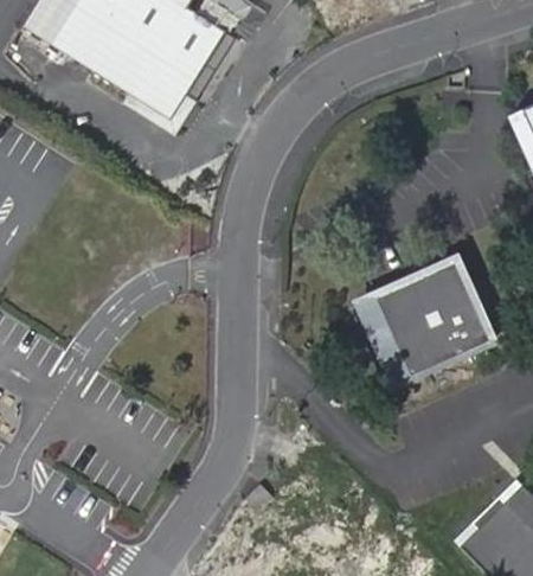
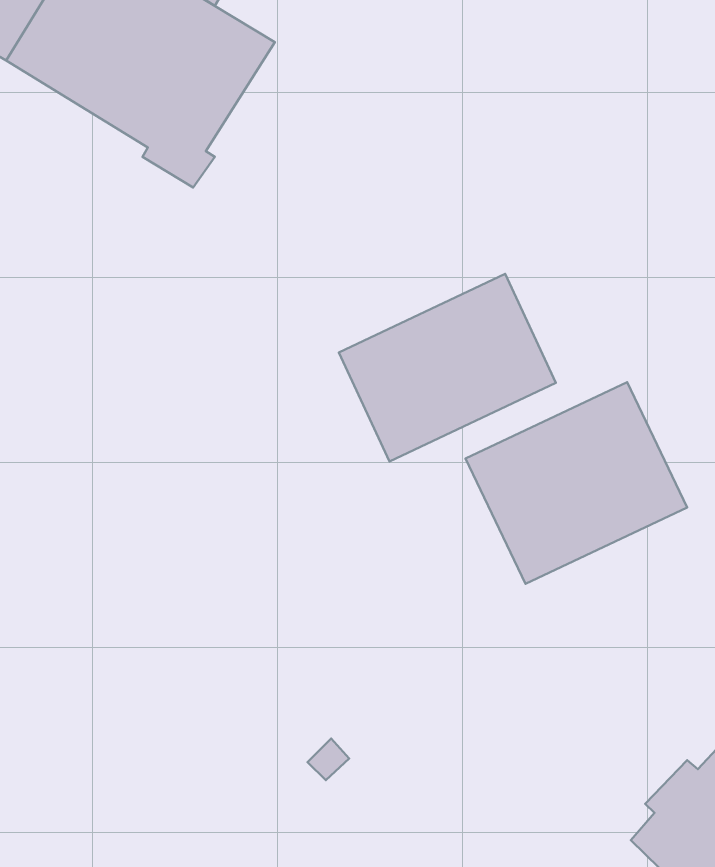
building: none -> [339,274,556,461]

